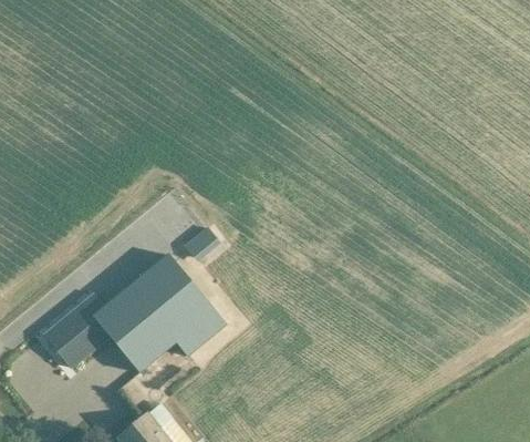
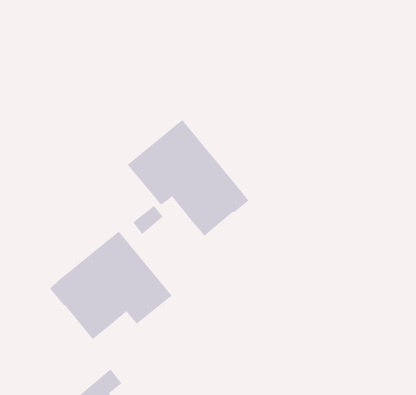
building: none -> [127,119,249,236]
building: [56,295,108,367] -> none

